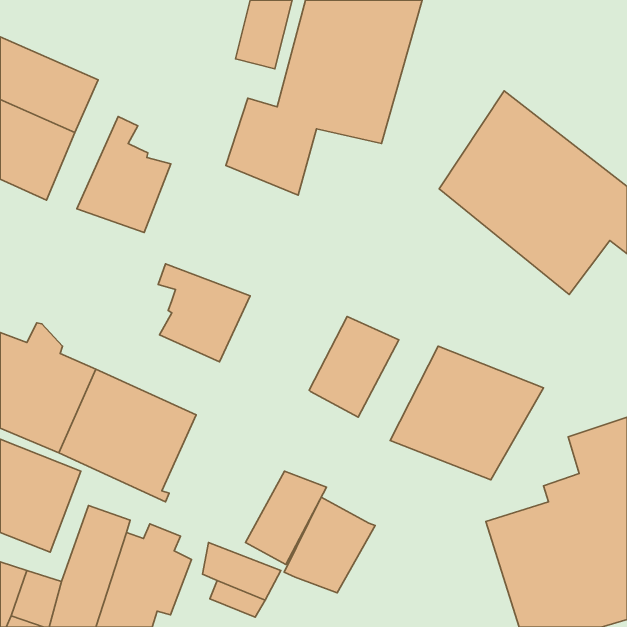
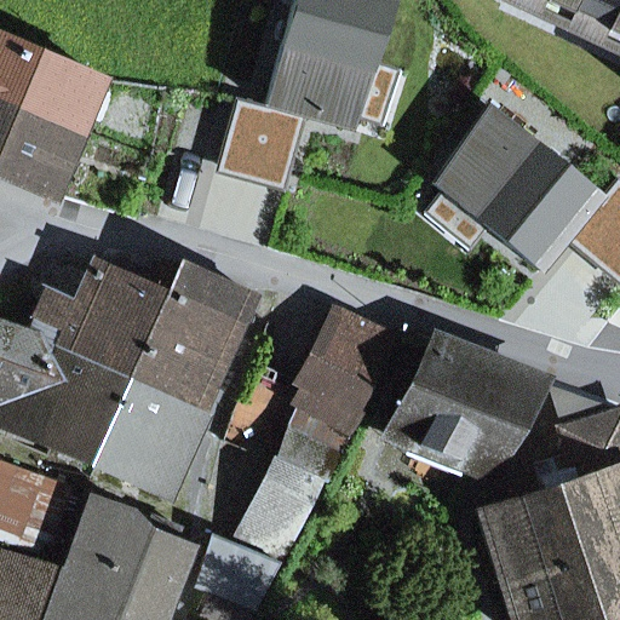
building: [77,117,171,233] -> none
building: none -> [41,260,217,409]
building: [284,497,375,593] -> [270,386,360,481]

